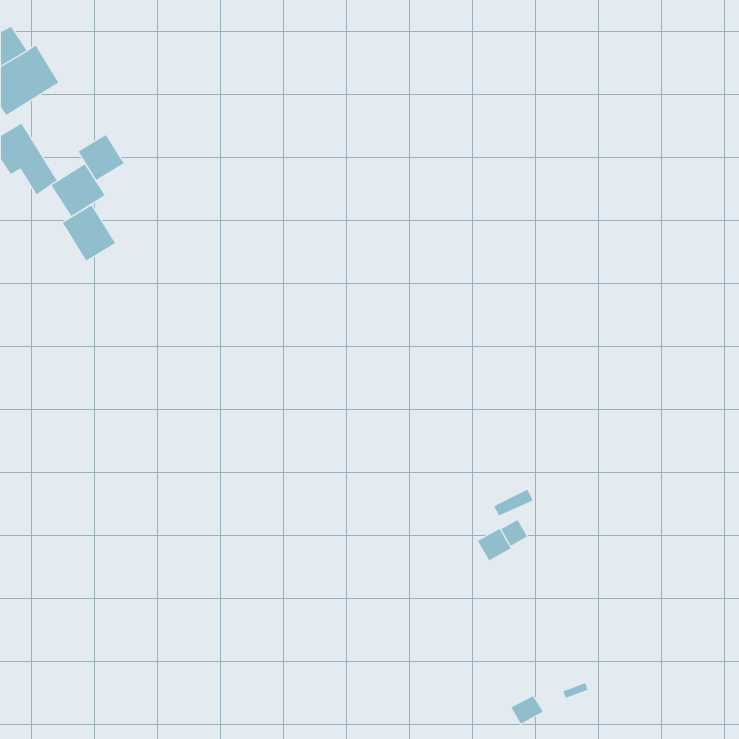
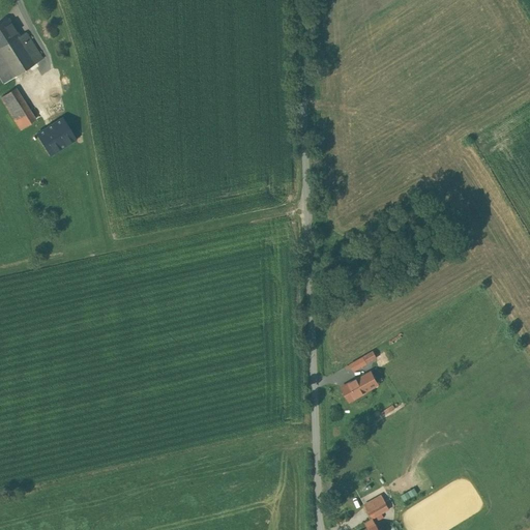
building: [78,134,124,181] -> none
building: [62,204,116,262] -> none

